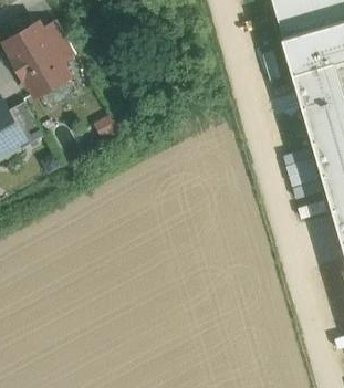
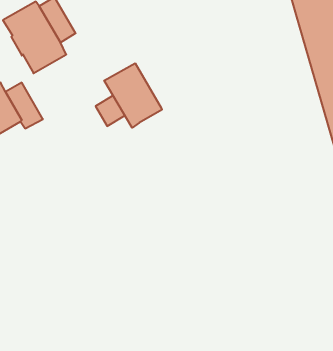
building: none -> [104,63,162,128]

